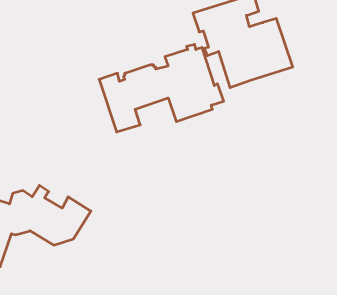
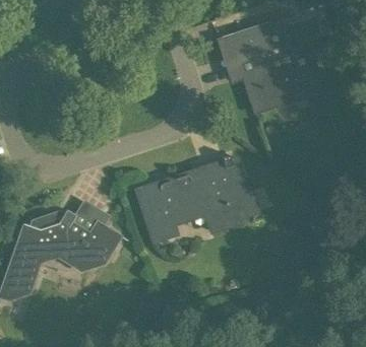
building: [99,44,224,132] -> [136,156,259,242]

